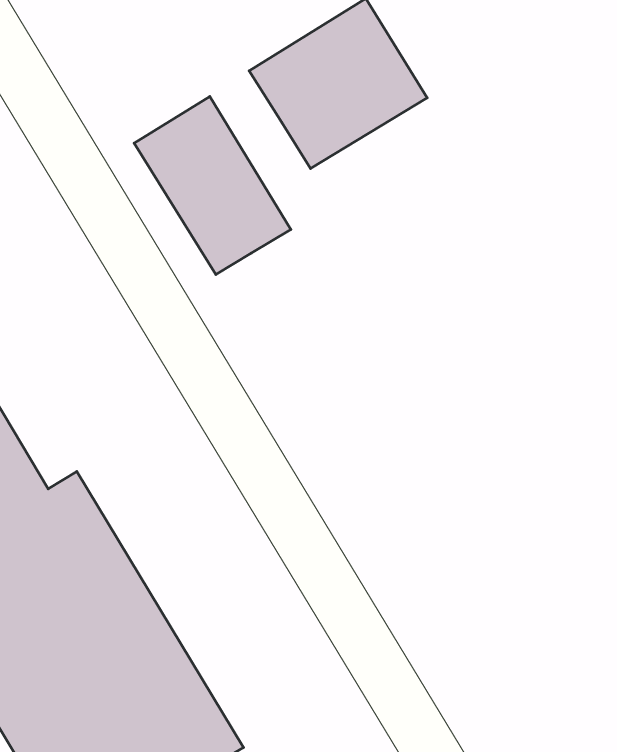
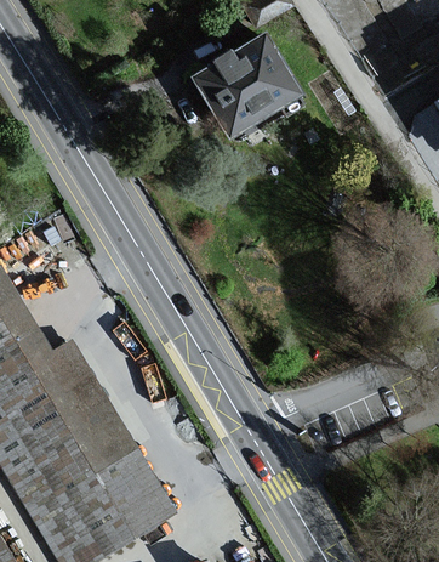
building: [134,96,291,275] -> none

